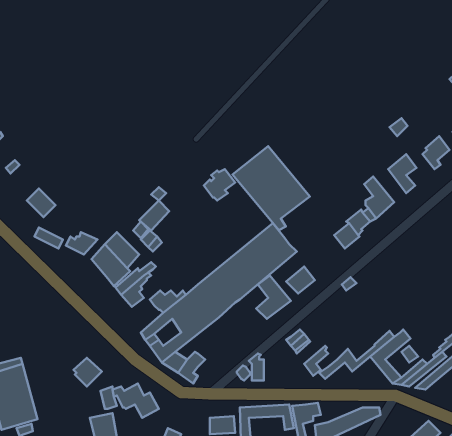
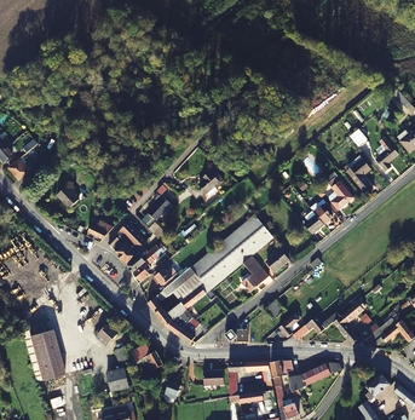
building: [232,146,310,230] -> none

